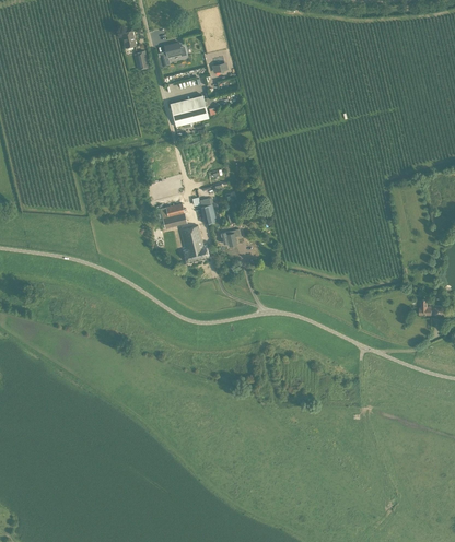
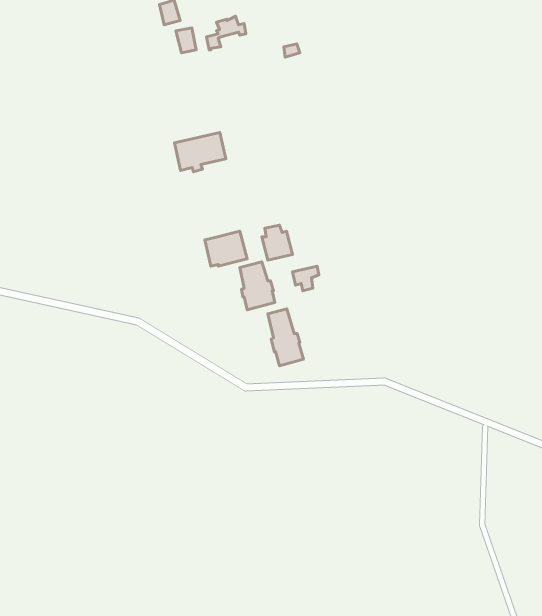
building: [170,97,208,127] -> [175,132,226,172]
building: none -> [268,309,304,366]

